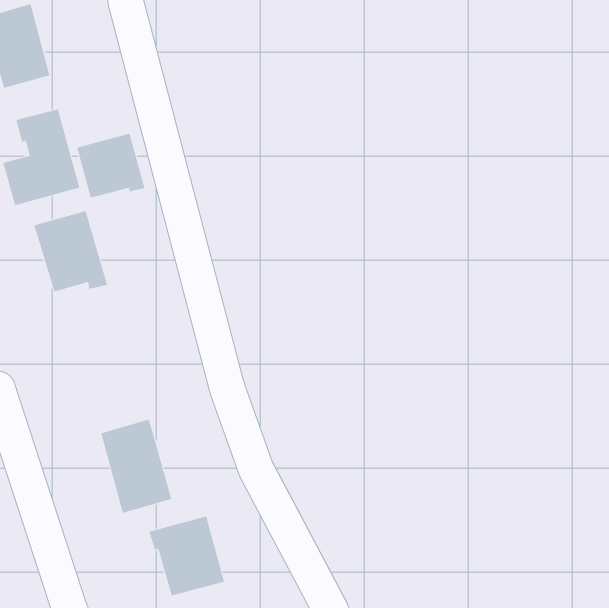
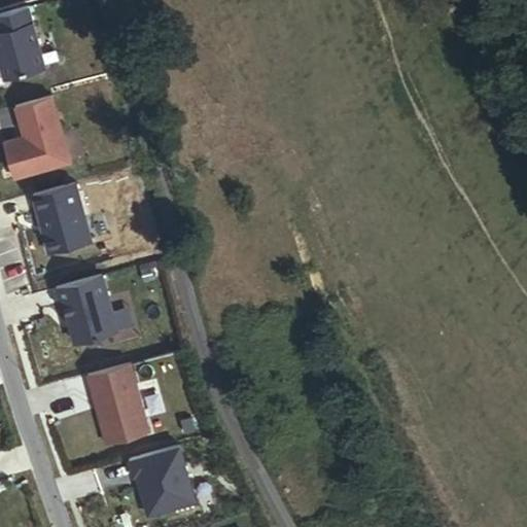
building: [76,133,145,199] -> none
building: none -> [58,277,132,345]

